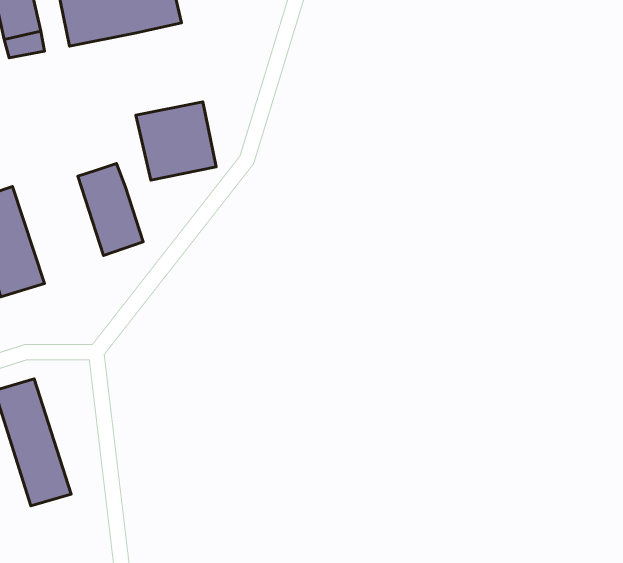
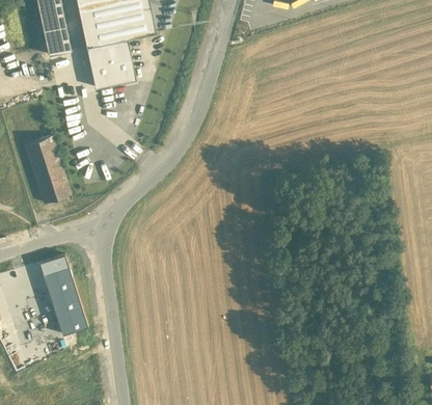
building: [136,102,216,180] -> [85,40,135,89]
building: [78,163,143,255] -> none

